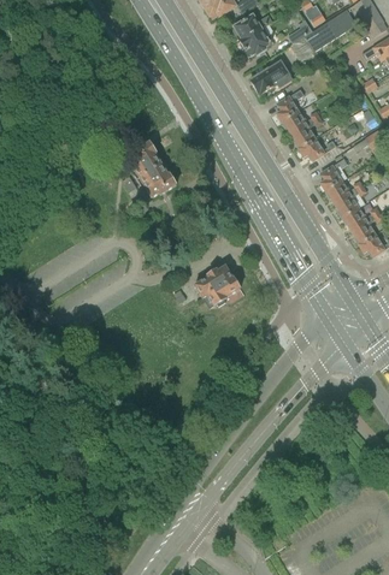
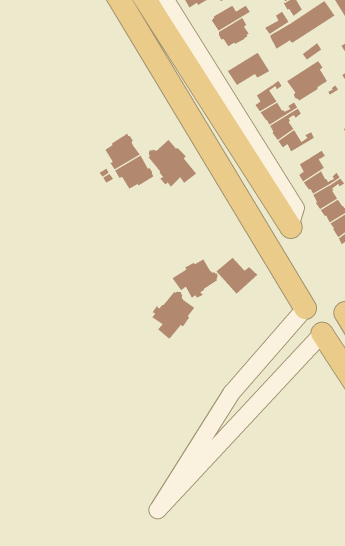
building: none -> [286,60,328,102]
building: none -> [148,139,196,187]
building: none -> [216,257,258,294]
building: none -> [151,291,195,339]

